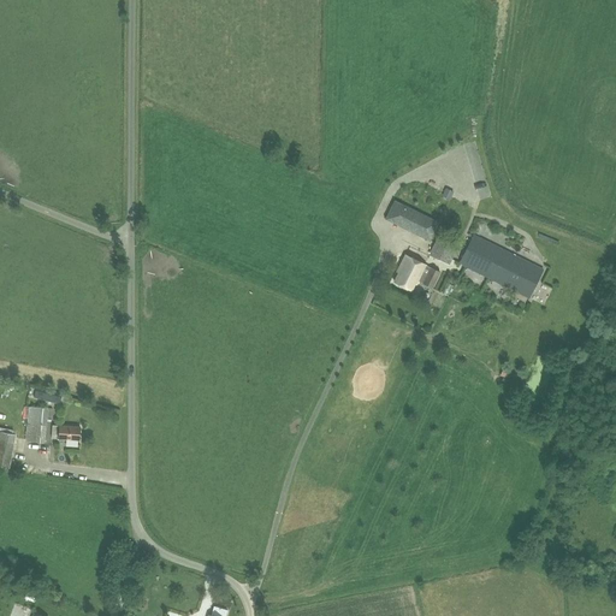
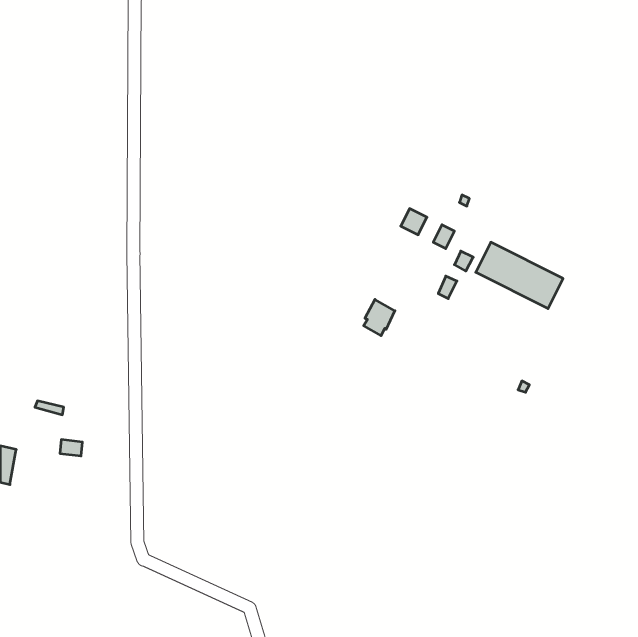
building: [395,254,425,289] -> [364,299,395,336]
building: [25,405,48,442] -> none

